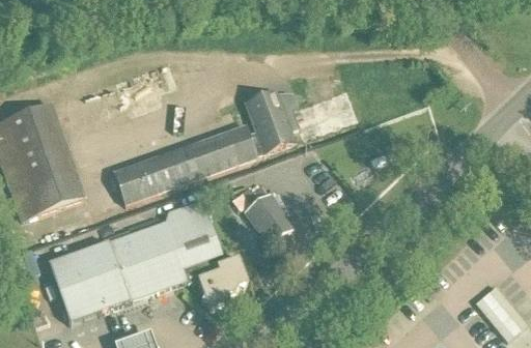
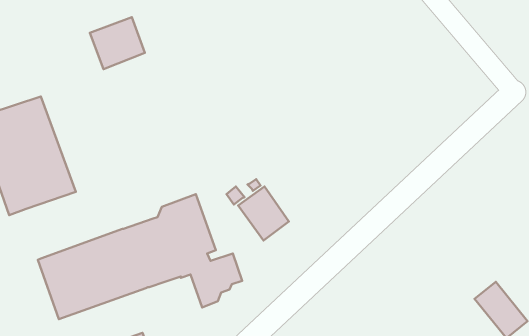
building: none -> [90,17,145,69]
building: [112,91,297,205] -> none

